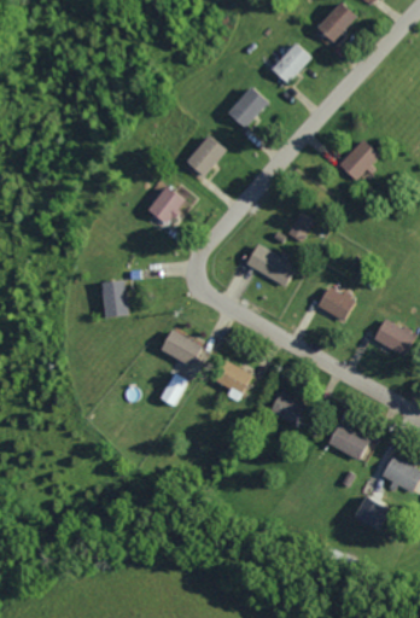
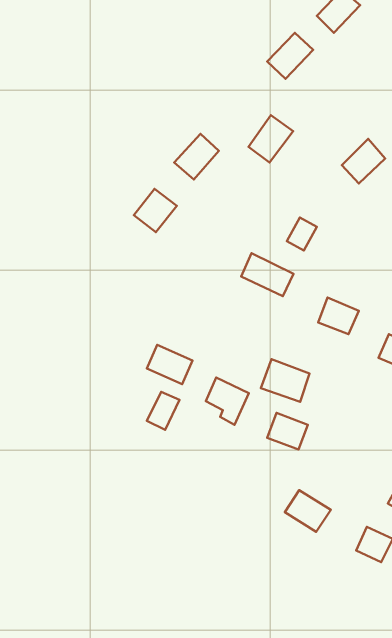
building: [227,84,268,128] -> [249,115,293,163]
building: [100,279,128,317] -> none
building: none -> [261,359,310,402]
building: [327,421,369,460] -> [285,490,331,532]

